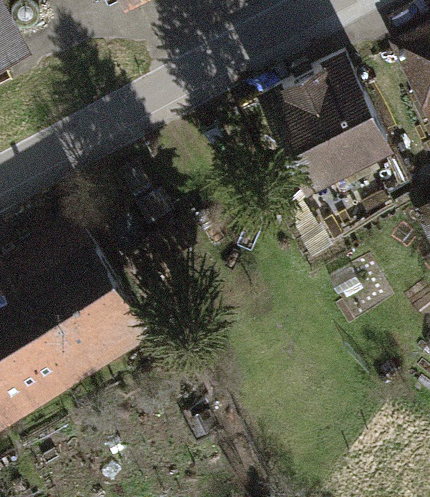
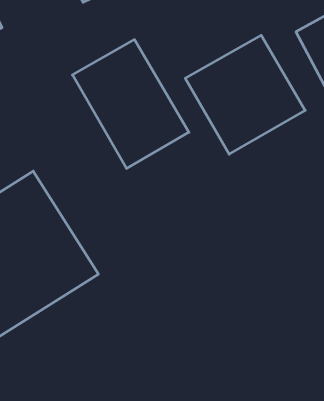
building: none -> [72,40,189,168]

